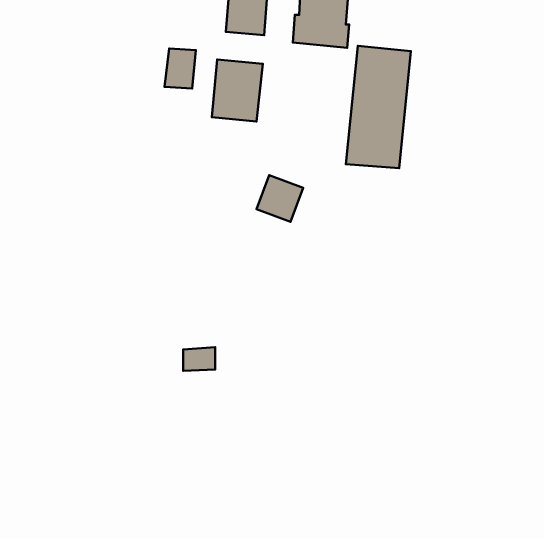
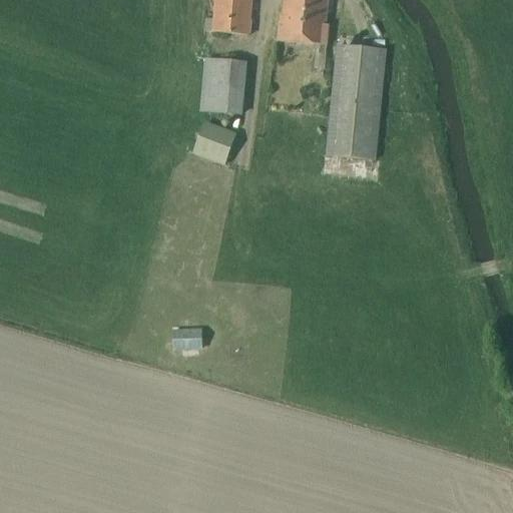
building: [164,48,196,88] -> none
building: [256,175,303,222] -> [192,120,236,164]

